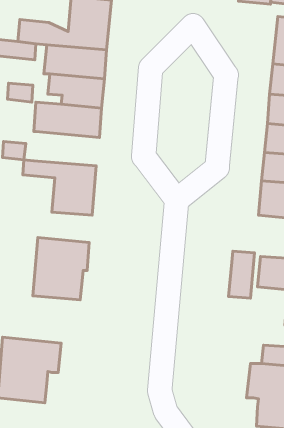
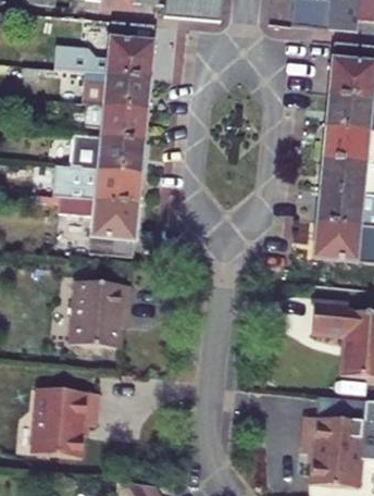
building: none -> [71,165,141,202]
building: [228,251,254,298] -> none

